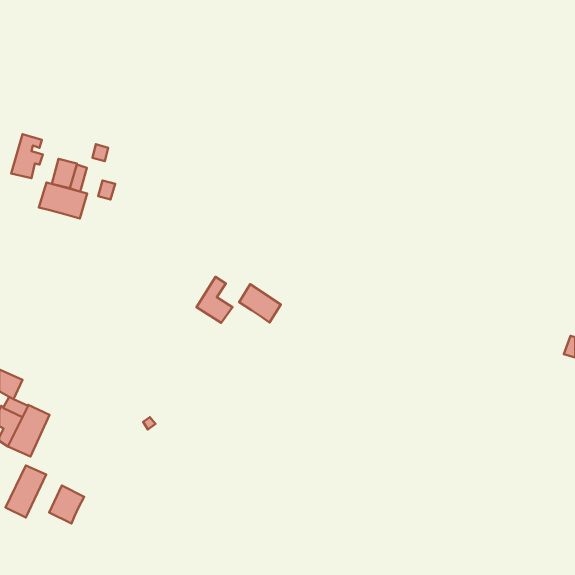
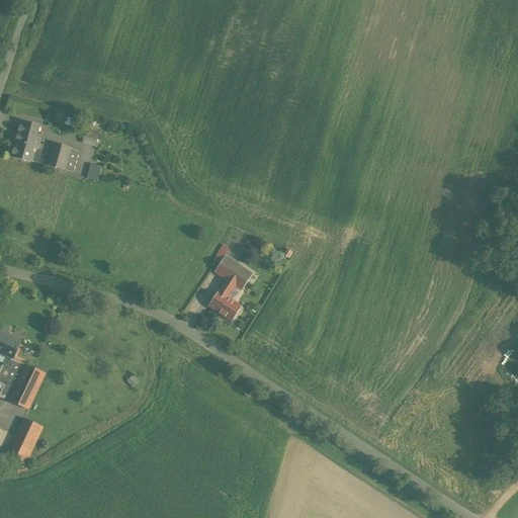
building: [39,183,87,219] -> none
building: [196,277,232,323] -> [208,278,241,320]
building: [49,486,84,524] -> none

